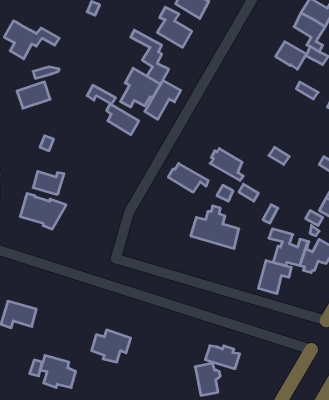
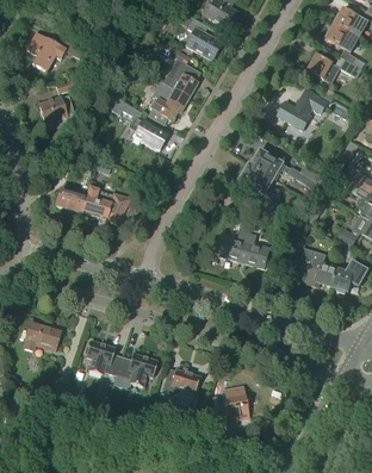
building: none -> [278,89,327,129]
building: [145,80,181,119] -> none
building: [168,163,208,192] -> [249,150,291,180]
building: [20,193,66,229] -> [82,187,130,224]
building: [258,260,291,294] -> none
building: [205,346,240,369] -> [163,368,199,392]
building: [40,355,76,388] -> [85,341,122,374]

